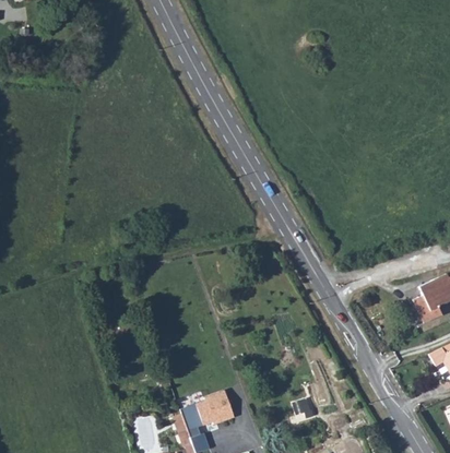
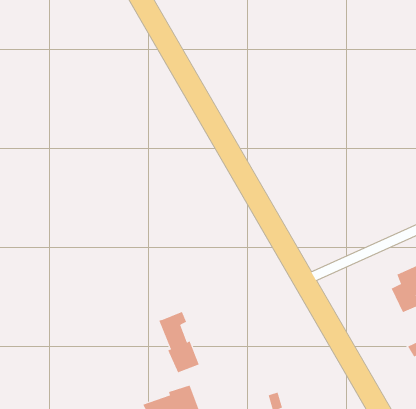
building: none -> [158,311,199,373]

